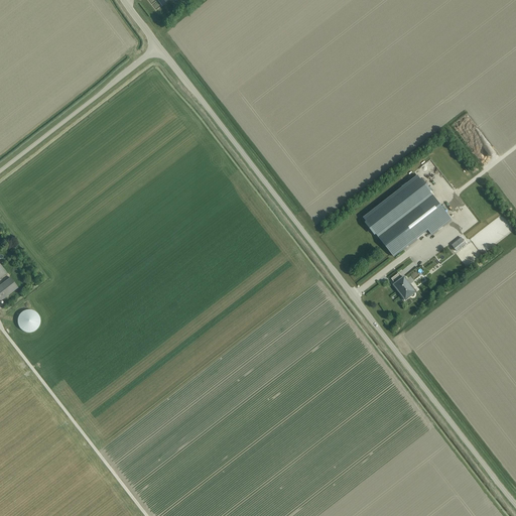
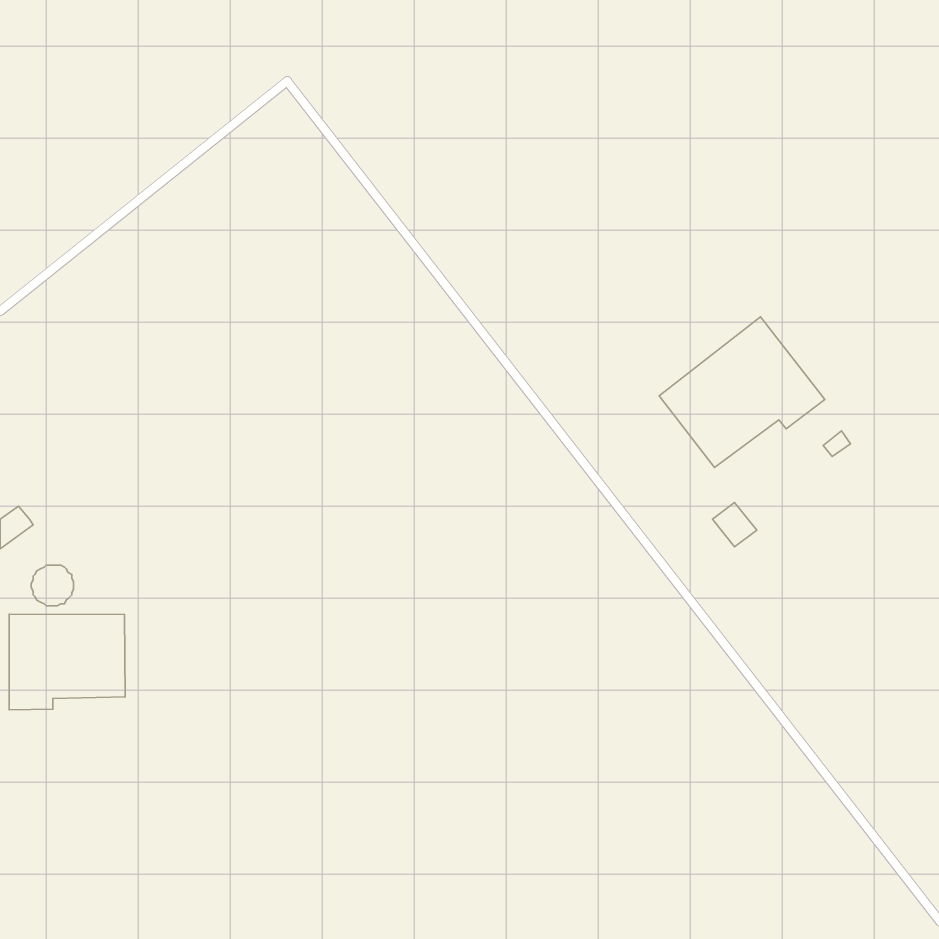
building: none -> [9,614,125,710]

